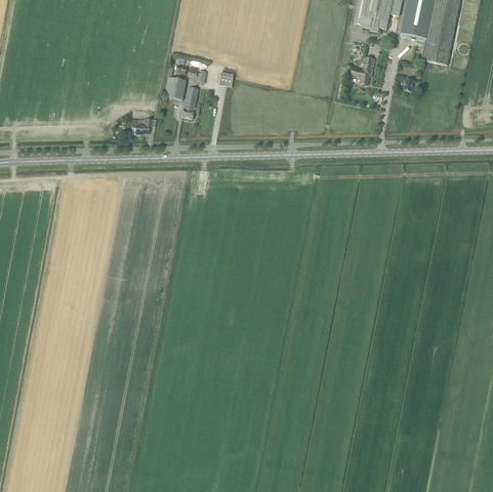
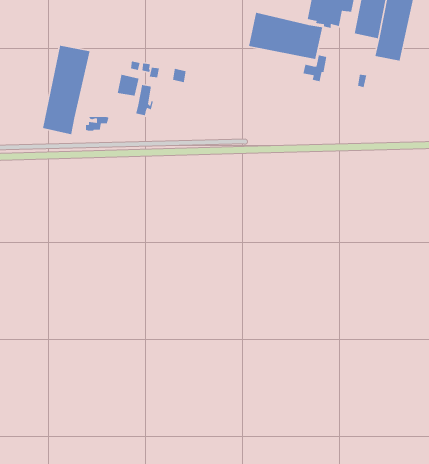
building: none -> [248,12,323,60]
building: none -> [42,45,91,135]

